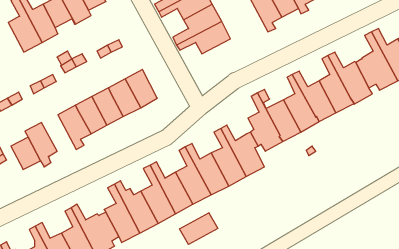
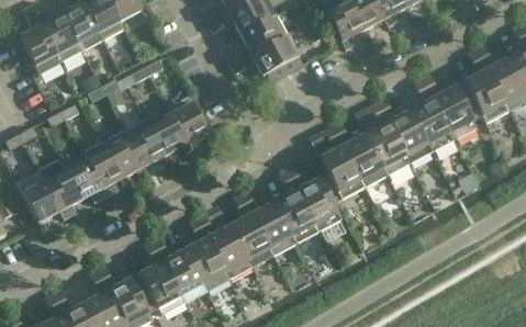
building: none -> [61,154,105,202]
building: [180,213,218,244] -> none

